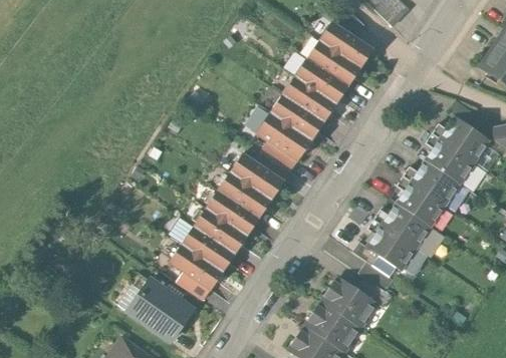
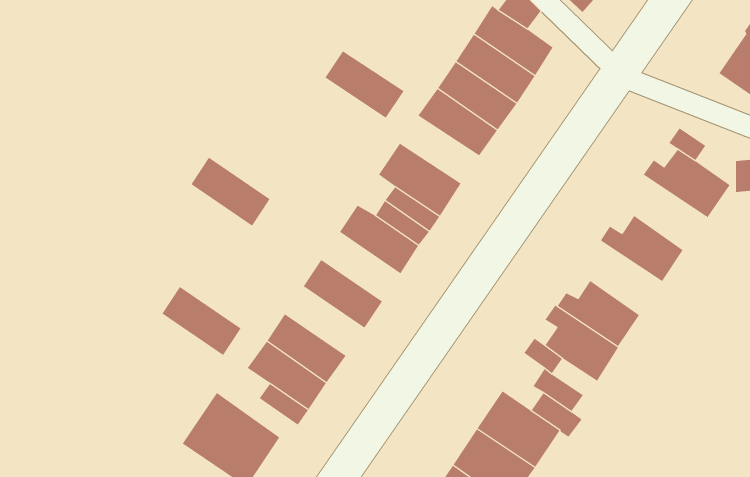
building: [271,94,324,139] -> [324,50,404,118]
building: [427,133,475,184] -> none
building: [219,171,272,218] -> [190,157,271,226]
building: [398,177,446,227] -> none
building: [195,208,248,254] -> [161,286,242,356]

